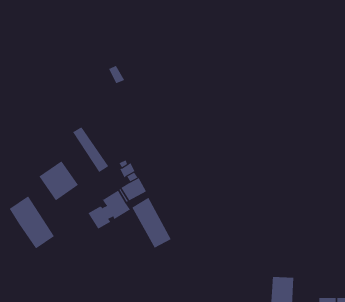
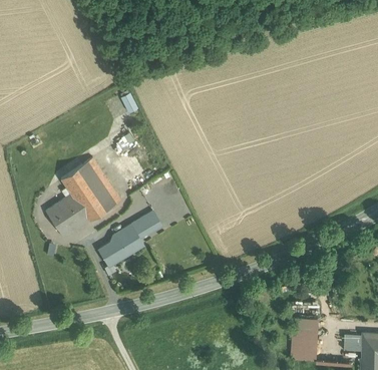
building: [9,196,55,249] -> [61,162,110,220]
building: [131,197,171,249] -> none

